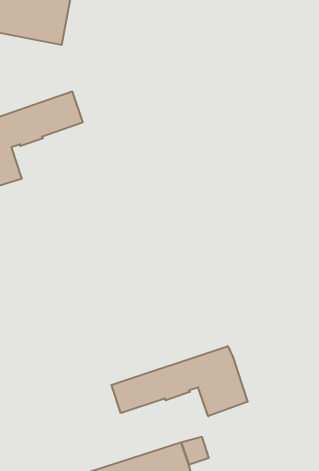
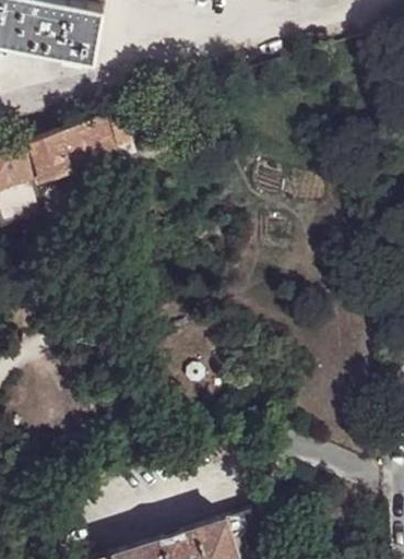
building: [111,346,248,416] -> none

